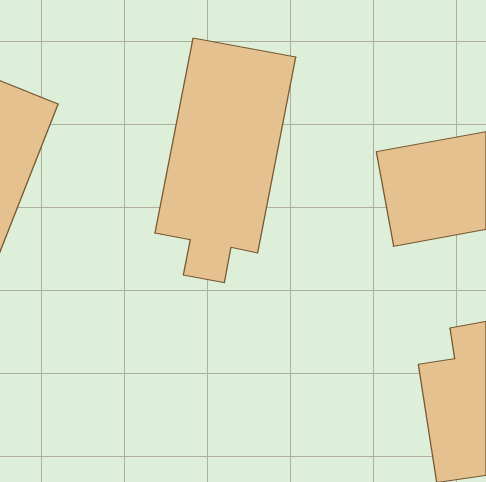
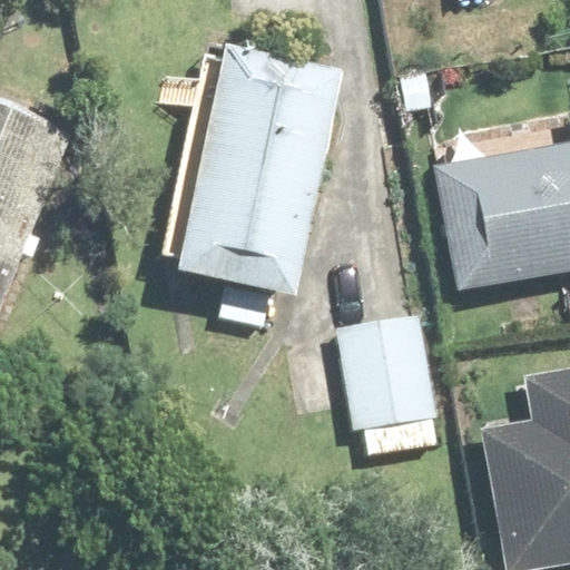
building: none -> [334,308,441,455]

